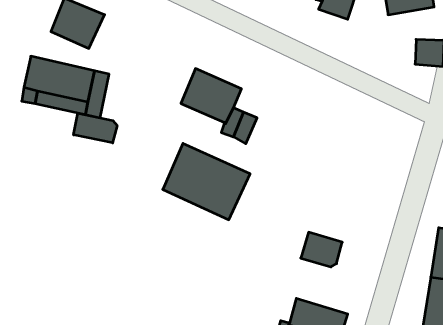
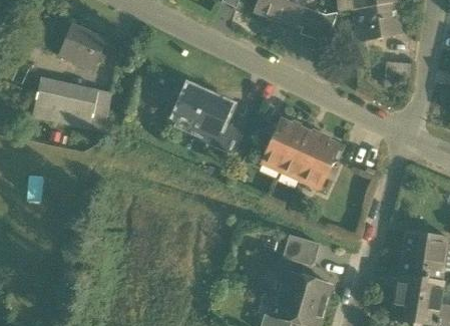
building: [74,113,117,143] -> none
building: [163,143,250,220] -> [262,119,340,188]
building: none -> [279,270,332,307]

